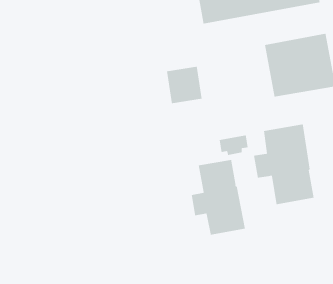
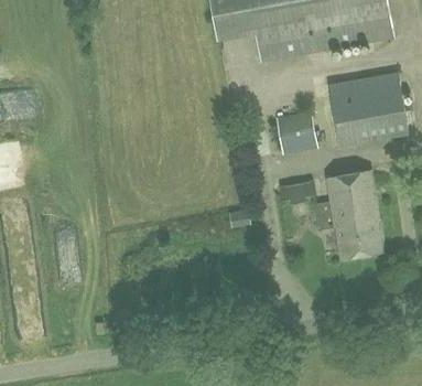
building: [166,66,203,104] -> [277,112,317,154]
building: [191,159,246,235] -> none

